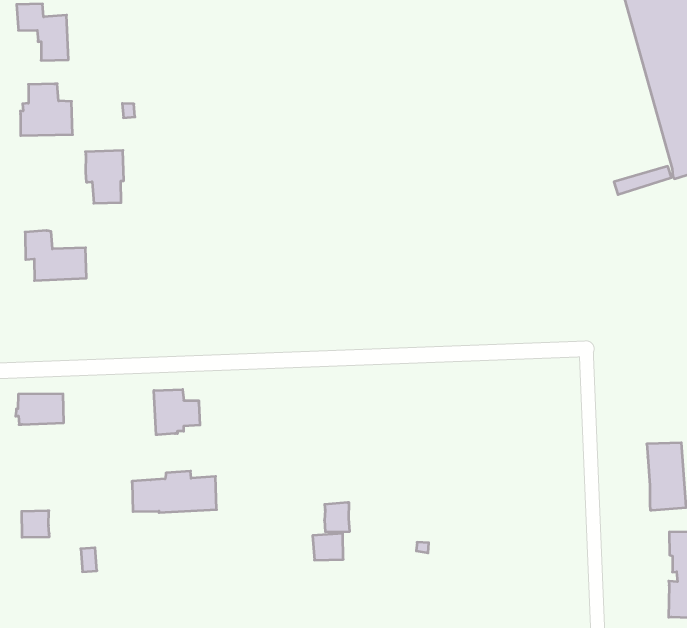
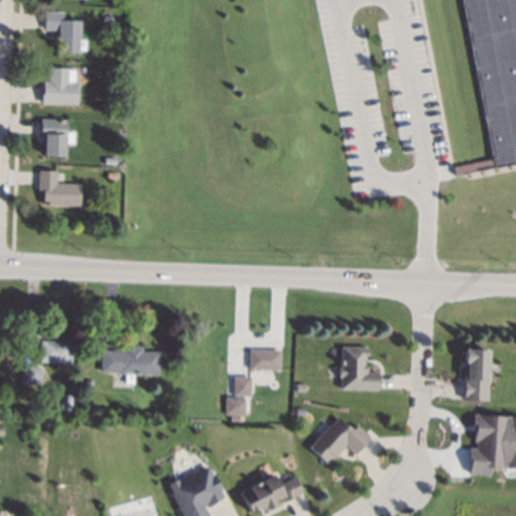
building: [85,150,124,203] -> [42,120,70,157]
building: [154,389,200,435] -> none
building: [16,394,64,425] -> [39,341,74,363]
building: none -> [340,347,380,390]
building: none -> [251,349,283,371]
building: none -> [309,417,371,465]

